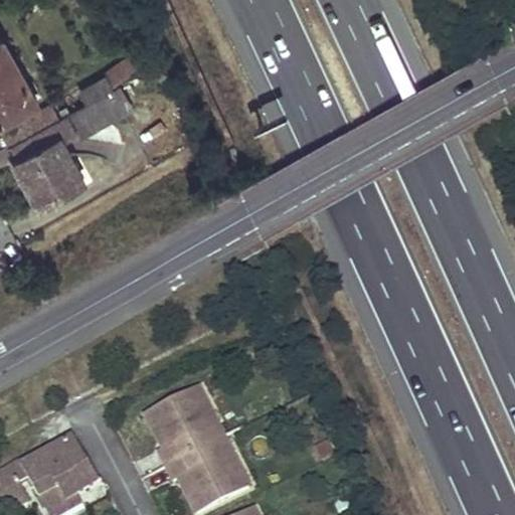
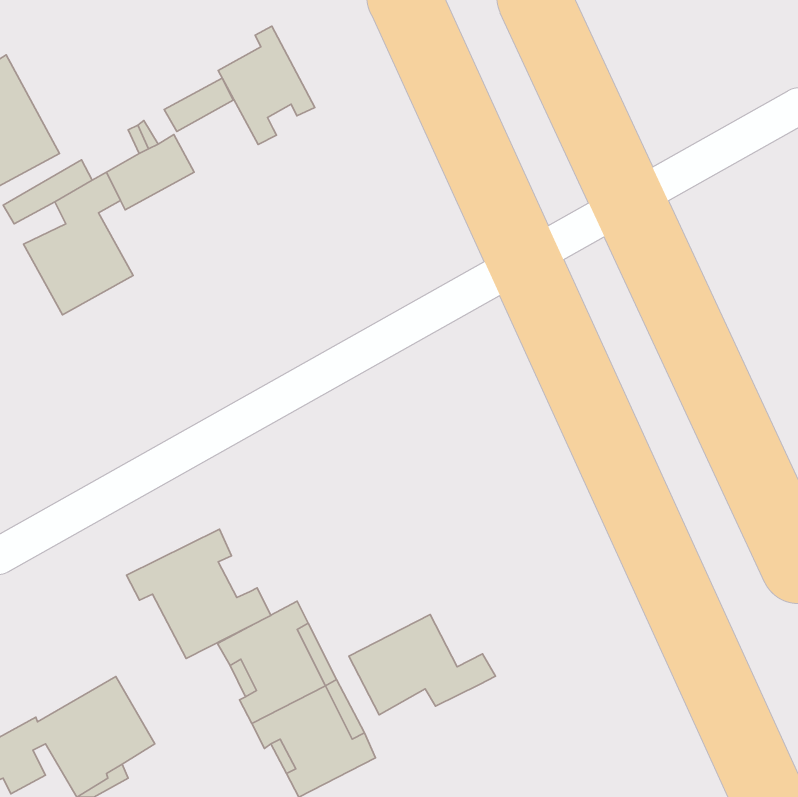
building: none -> [218,26,315,145]
building: none -> [126,529,271,659]
building: none -> [349,615,496,715]

